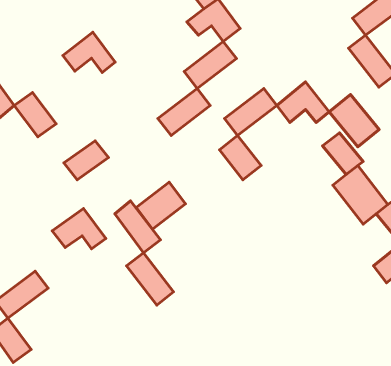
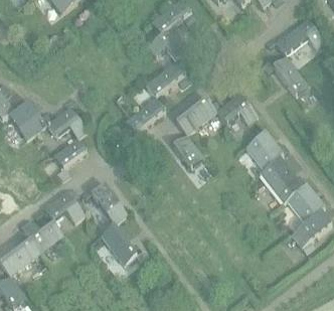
building: [63,32,115,72] -> [45,106,86,137]
building: [329,95,379,147] -> none
building: [136,182,185,229] -> none
building: none -> [21,219,62,251]

